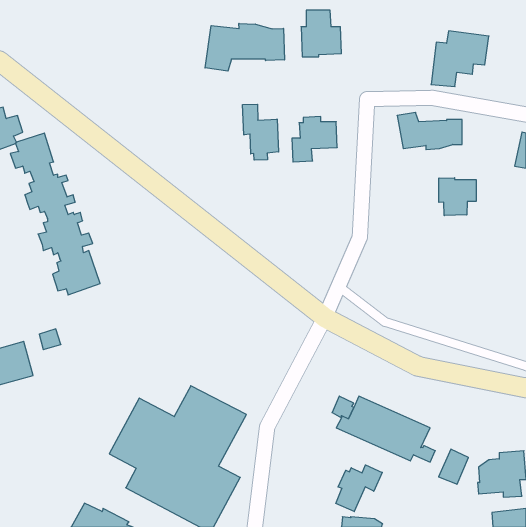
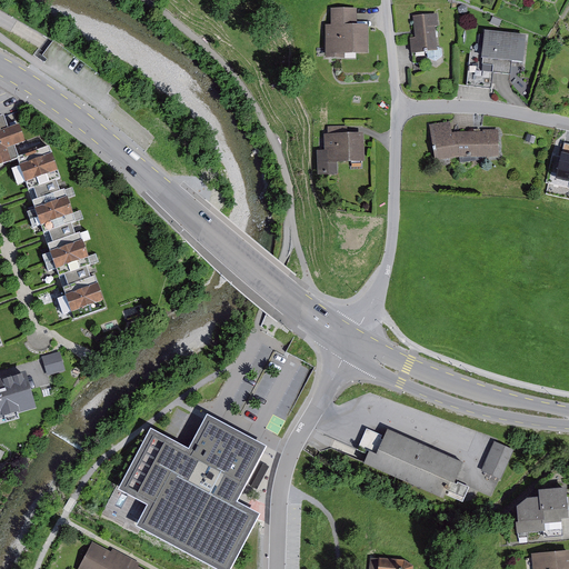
building: none -> [408,16,441,63]
building: [205,23,284,71] -> none
building: [243,104,279,160] -> none
building: [439,178,476,216] -> none
building: [439,449,468,484] -> [480,440,512,478]
building: [336,465,382,512] -> none

